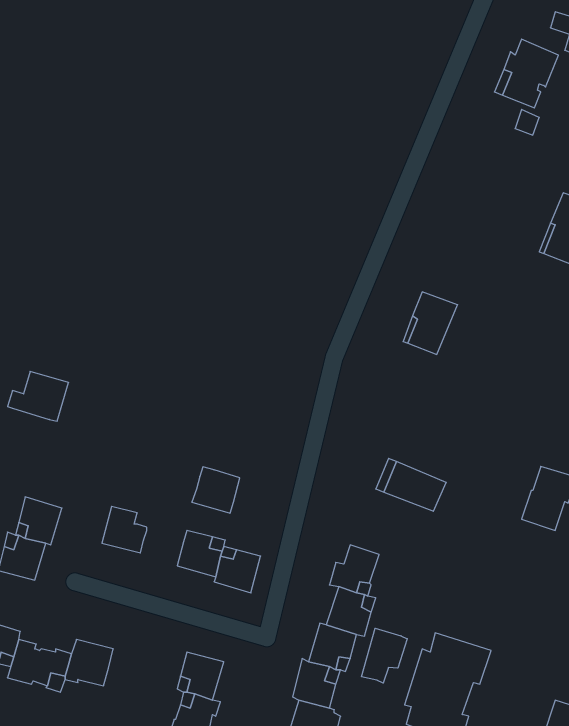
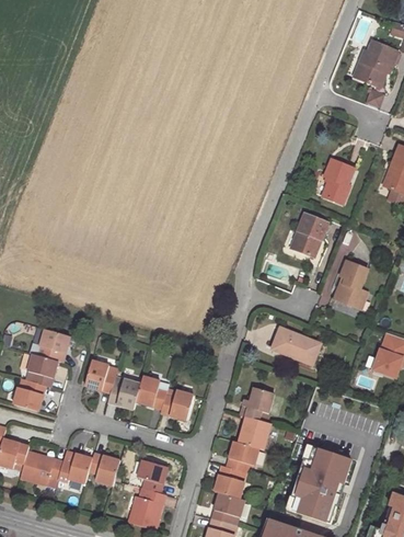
building: none -> [322,160,353,204]
building: none -> [334,261,367,307]
building: [8,371,69,421] -> [28,329,70,363]
building: [192,467,240,513] -> [107,377,140,409]
building: [362,628,407,683] -> none
building: none -> [89,453,119,485]

